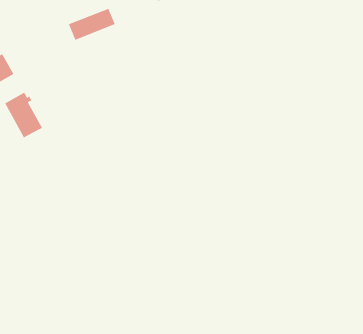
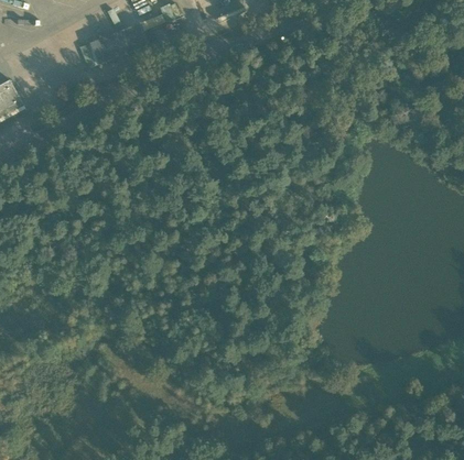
building: [4,91,45,138] -> none

